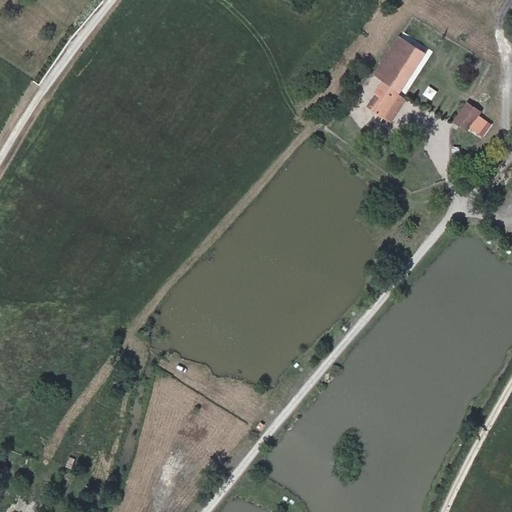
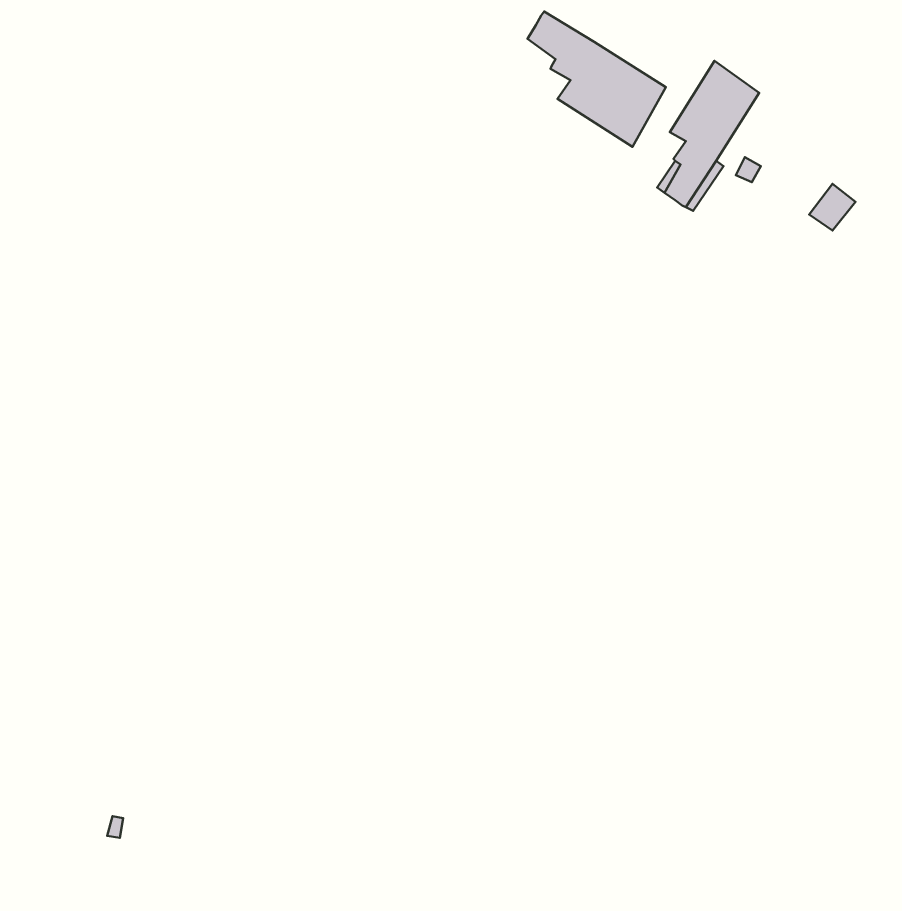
building: none -> [528,12,666,147]

